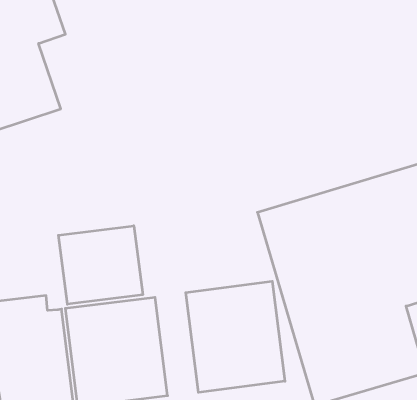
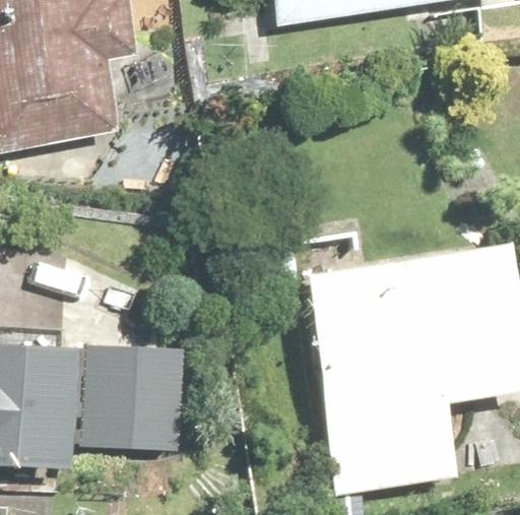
building: [58,226,143,304] -> none
building: [186,281,285,392] -> none

